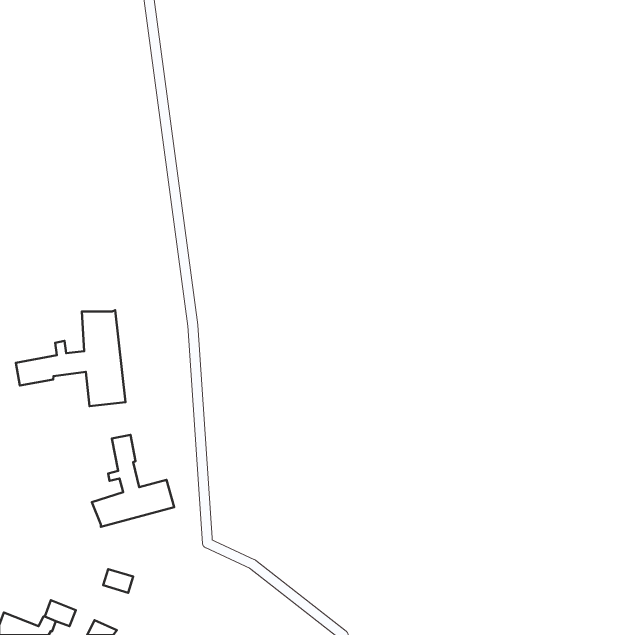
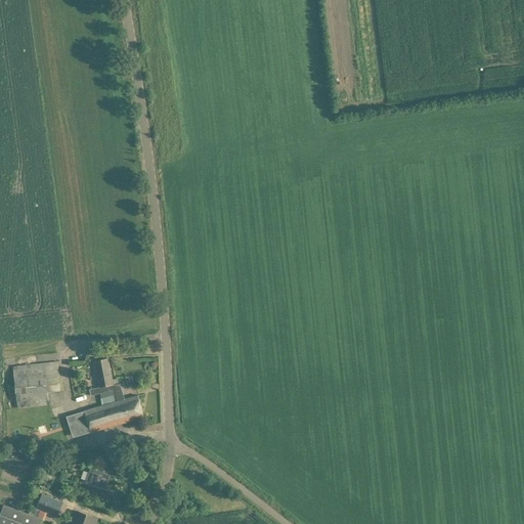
building: [16,310,125,406] -> none
building: none -> [12,361,59,408]

